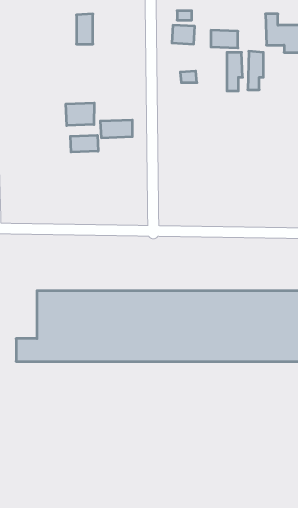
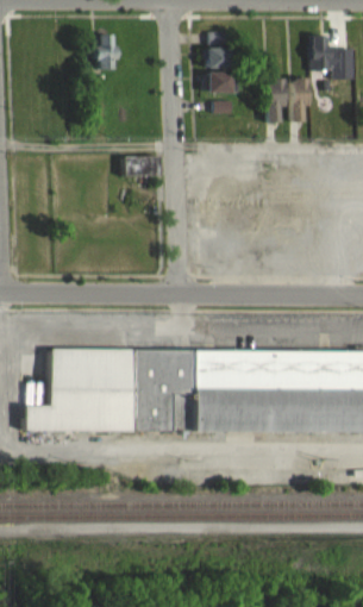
building: [211,30,238,48] -> [208,71,239,92]
building: [66,103,94,126] -> none
building: [70,135,98,152] -> none

